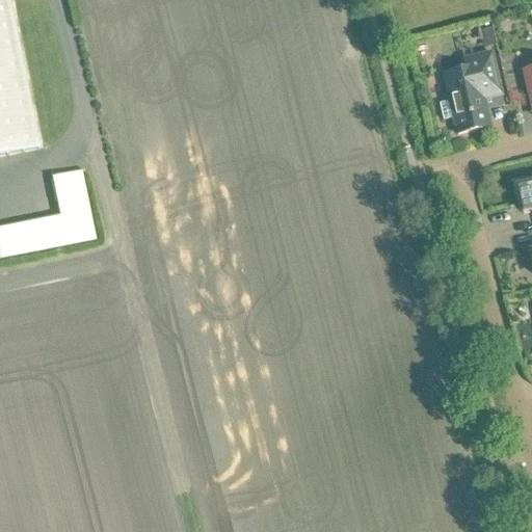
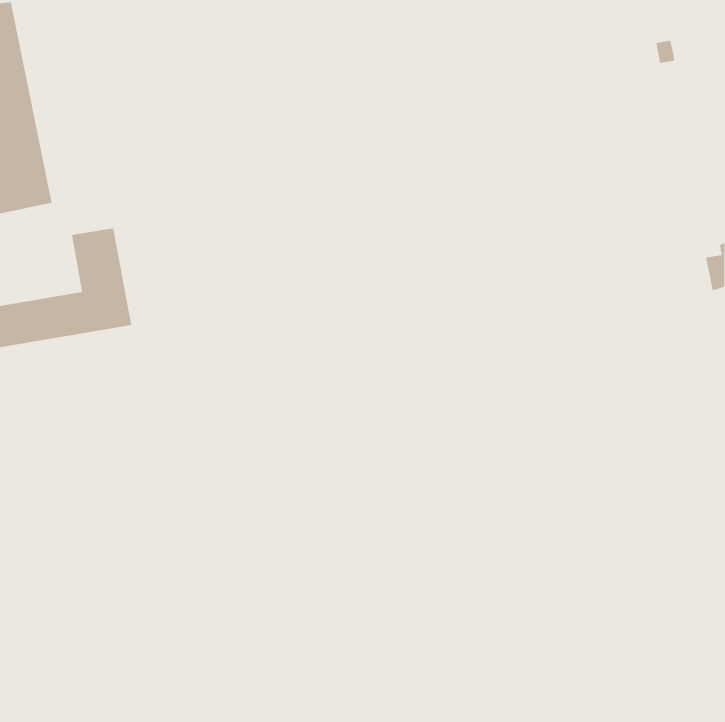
building: [437,53,500,135] -> none

